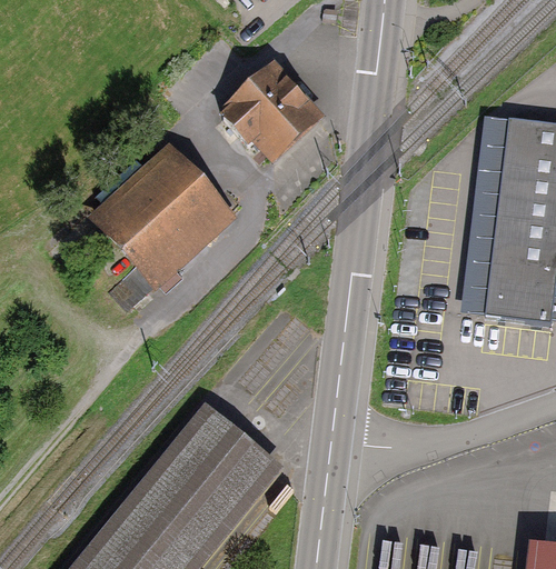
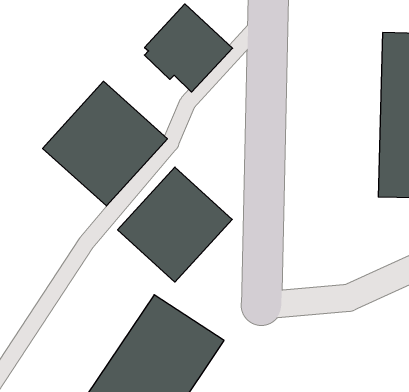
building: [461,114,510,313] -> none
building: none -> [118,167,232,282]

